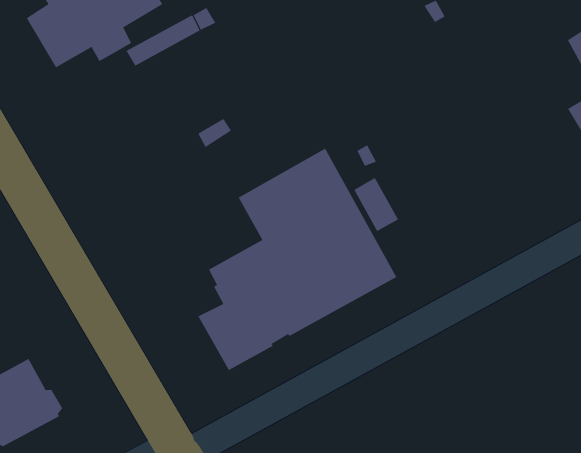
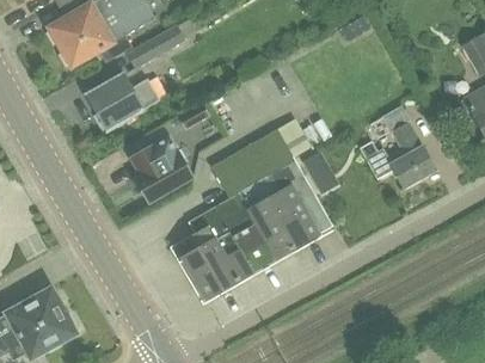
building: none -> [85,73,159,131]
building: none -> [358,109,436,189]
building: none -> [129,136,192,203]

